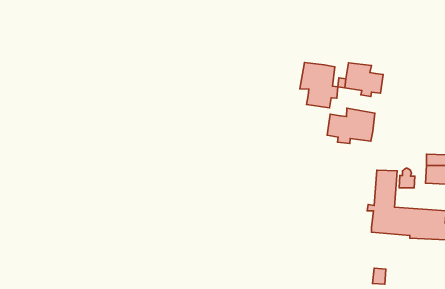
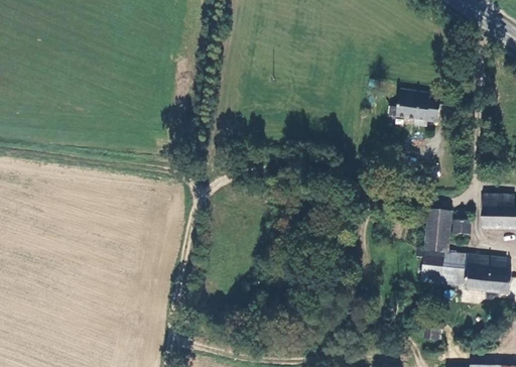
building: [300,62,338,108] -> none
building: [327,108,375,144] -> none

